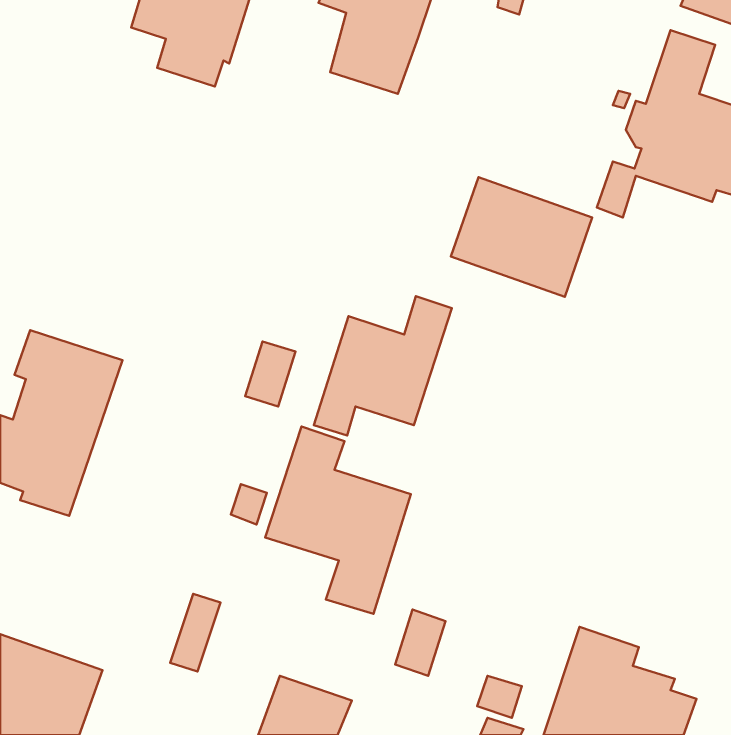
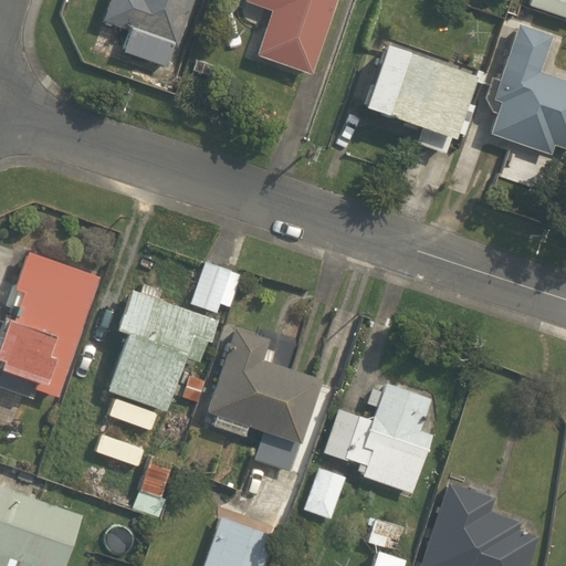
building: [451,177,592,297] -> [365,46,473,138]
building: [314,296,452,435] -> none
building: none -> [108,289,218,411]
building: none -> [326,384,433,493]

